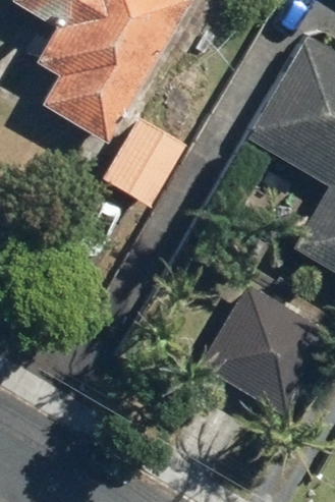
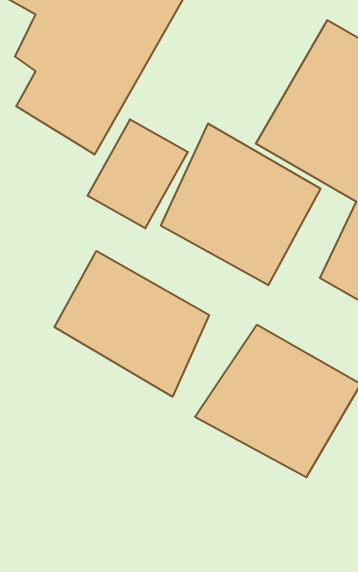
building: none -> [161,123,320,285]
building: none -> [55,251,209,397]

